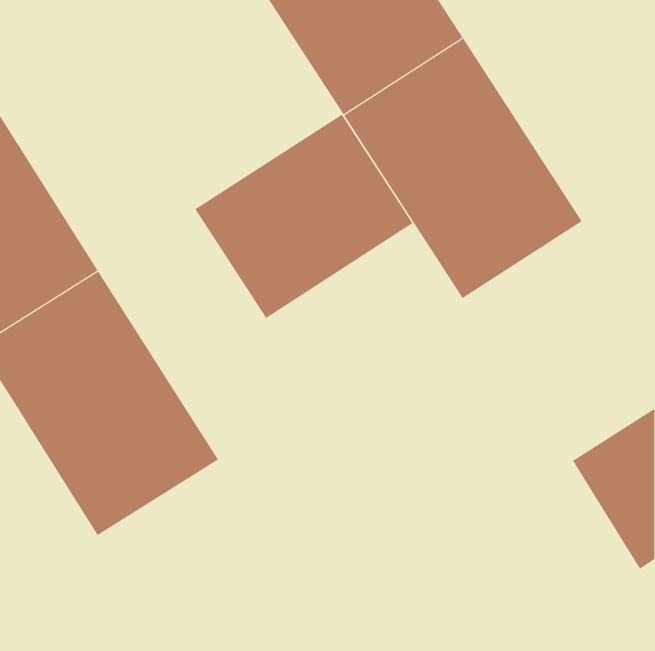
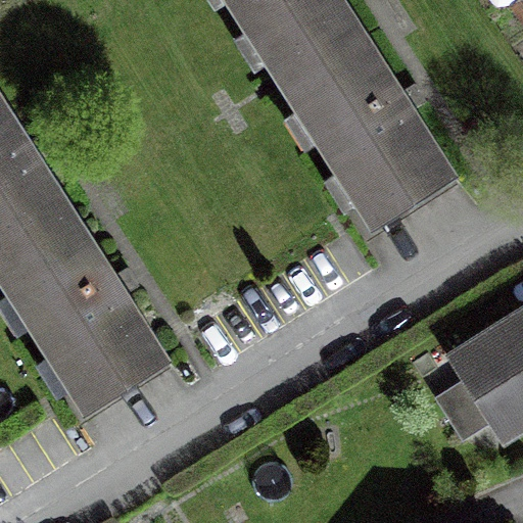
building: [195,114,413,319] -> none

